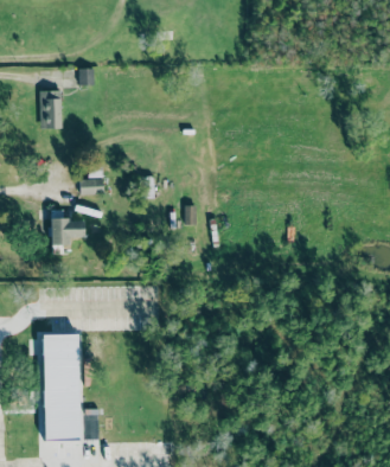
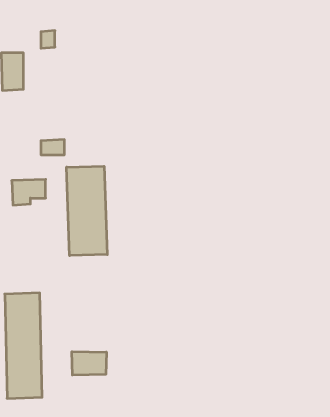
building: none -> [67,166,107,256]
building: none -> [72,352,106,375]

